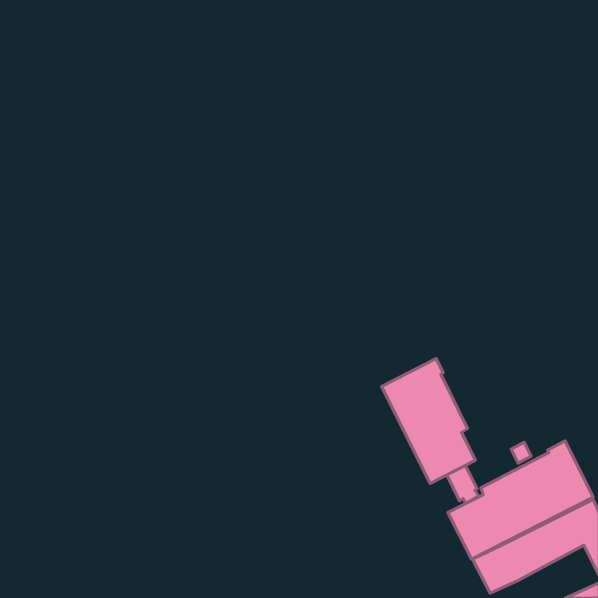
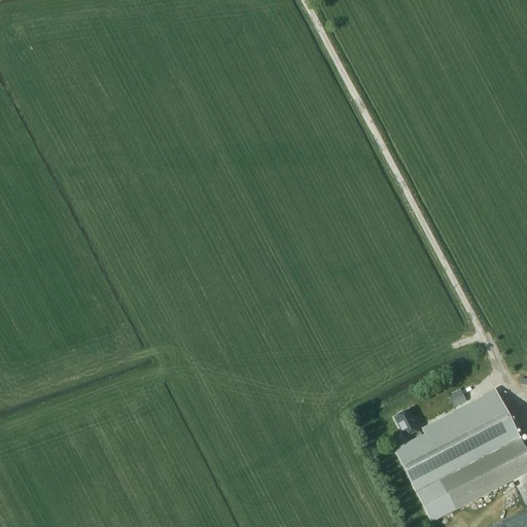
building: [382,359,476,483] -> none

